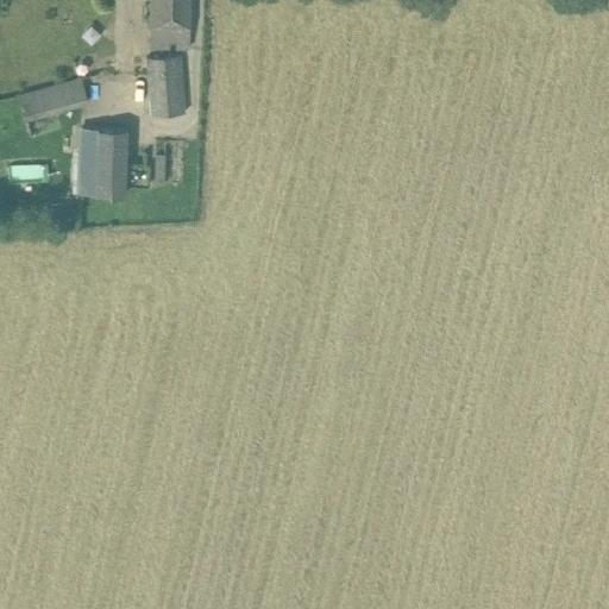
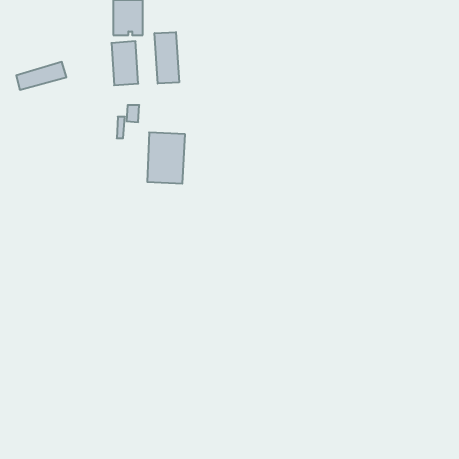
building: none -> [155,32,179,84]
building: [77,127,127,195] -> [147,132,185,184]

